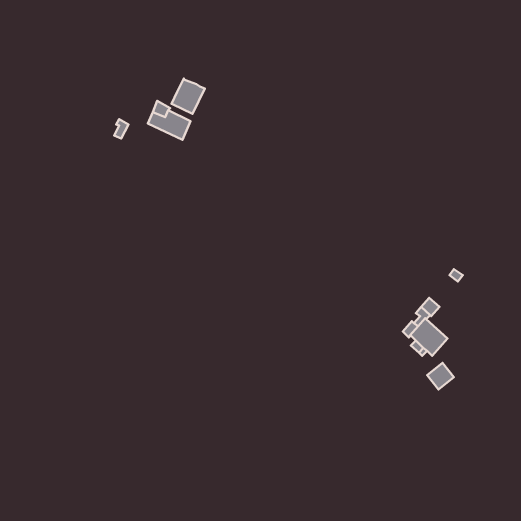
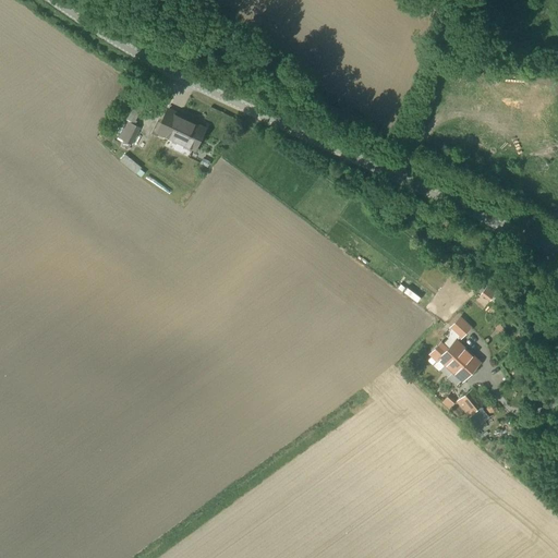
building: [171,78,205,114] -> none

